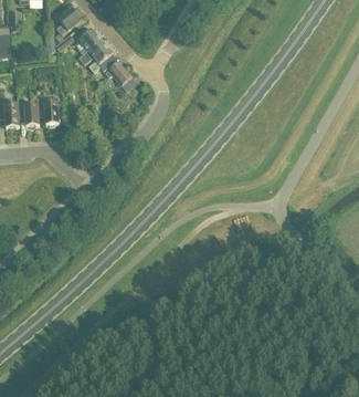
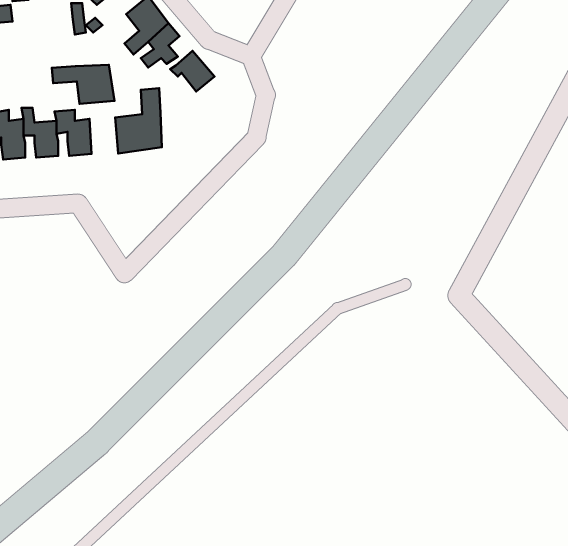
building: none -> [52,65,115,104]
building: none -> [115,88,162,153]

